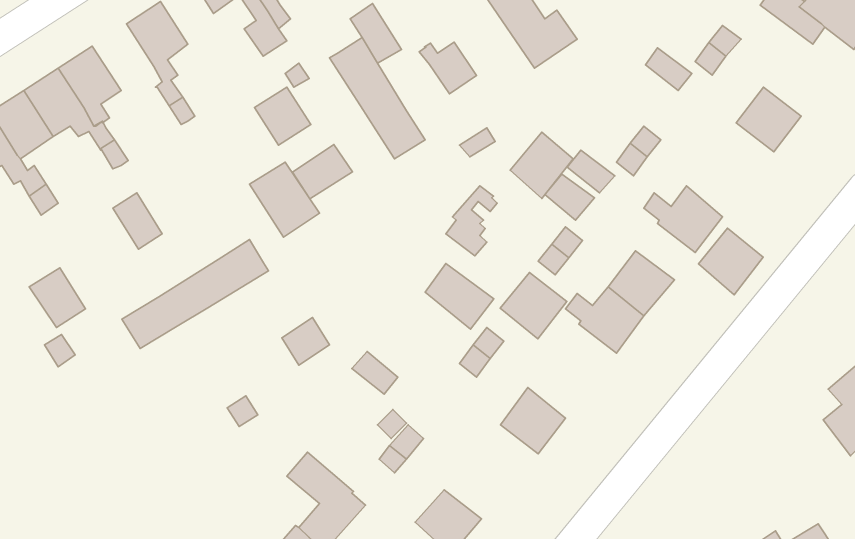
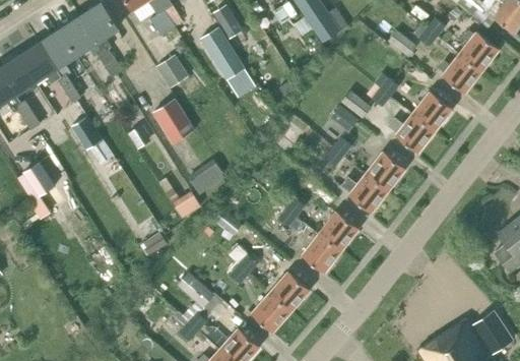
building: none -> [59,16,101,57]
building: [419,42,477,94] -> none
building: none -> [458,31,498,71]
building: [510,132,573,198] -> none
building: [293,145,352,199] -> none
building: [698,228,763,295] -> [412,92,451,131]
building: [122,239,269,348] -> none
building: [425,263,494,329] -> none
building: none -> [187,160,224,195]
building: [500,272,567,339] -> [318,212,358,251]
building: none -> [268,272,309,311]

